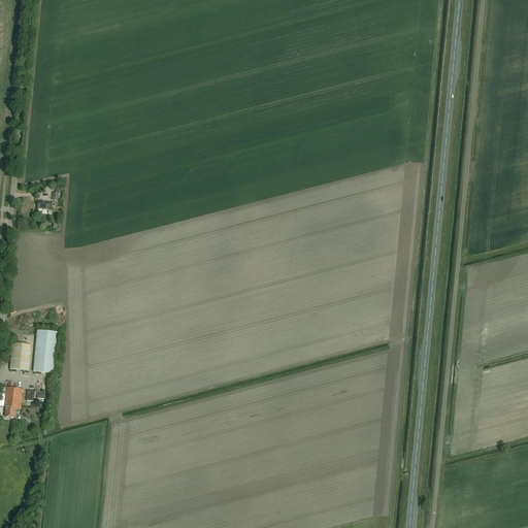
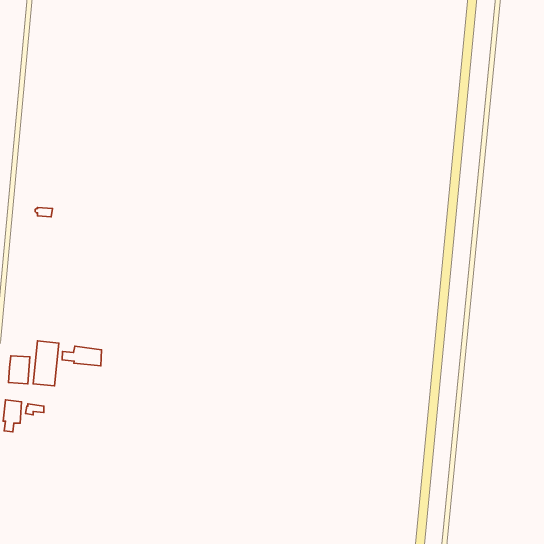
building: none -> [62,346,102,366]

